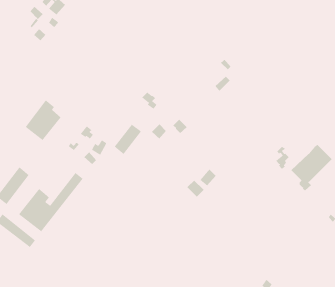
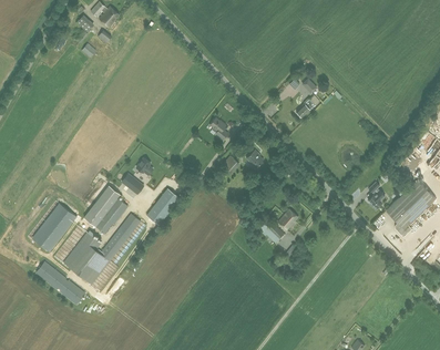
building: [25,100,61,141] -> [83,185,126,234]
building: [114,124,142,155] -> [145,188,178,225]

